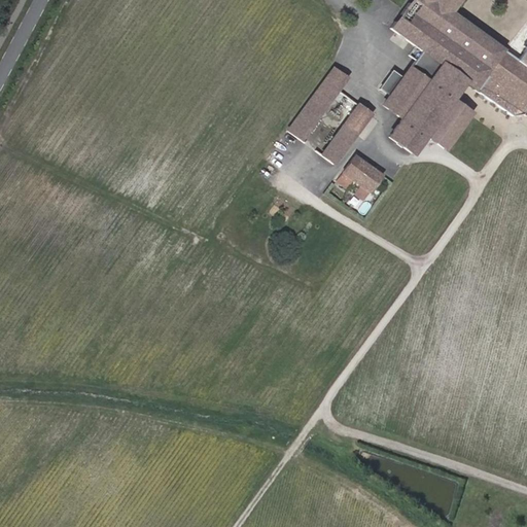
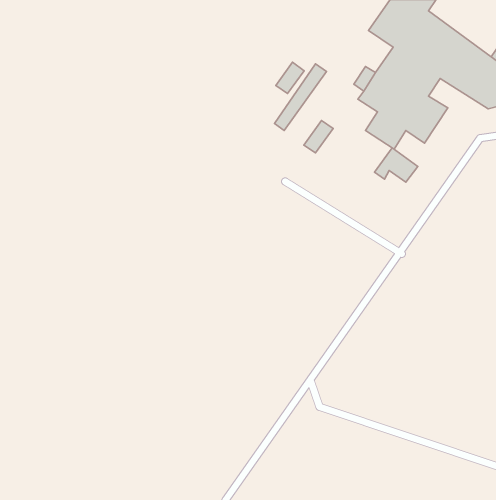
building: [343,102,373,135] -> [276,62,304,93]
building: [340,155,385,191] -> [375,148,418,182]

